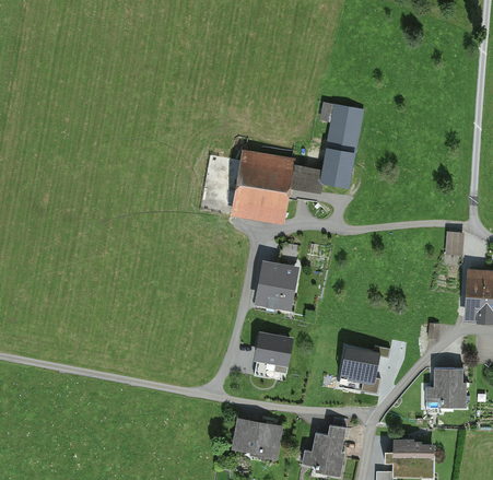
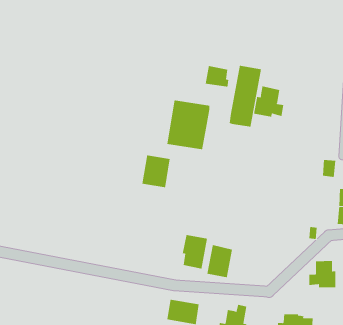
building: none -> [254,85,284,118]
building: [290,163,322,192] -> [205,65,229,87]
building: [257,262,296,307] -> [142,155,171,188]
building: [338,344,374,389] -> [206,245,233,278]

